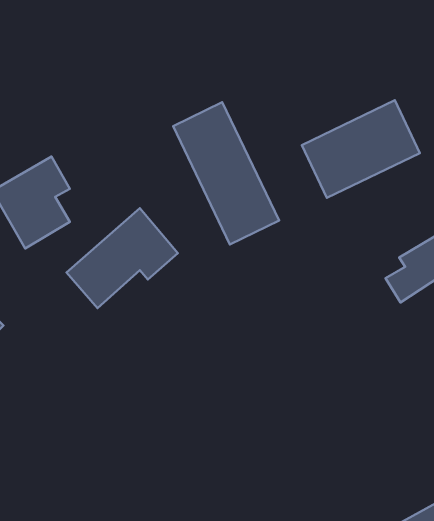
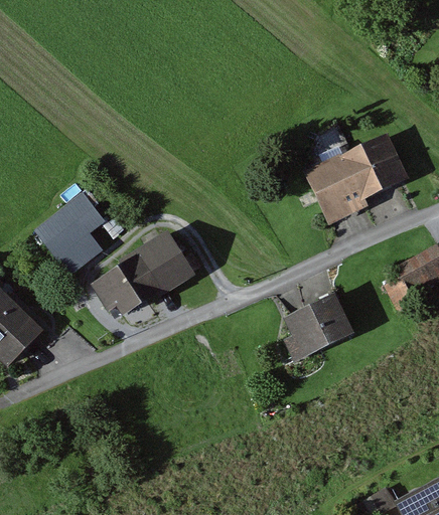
building: [173,102,279,244] -> none
building: none -> [280,295,349,357]

